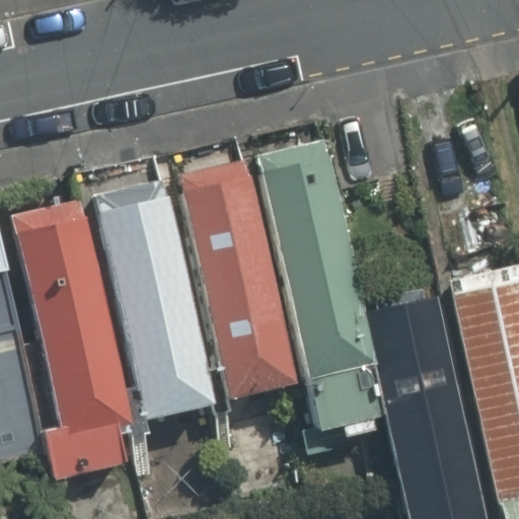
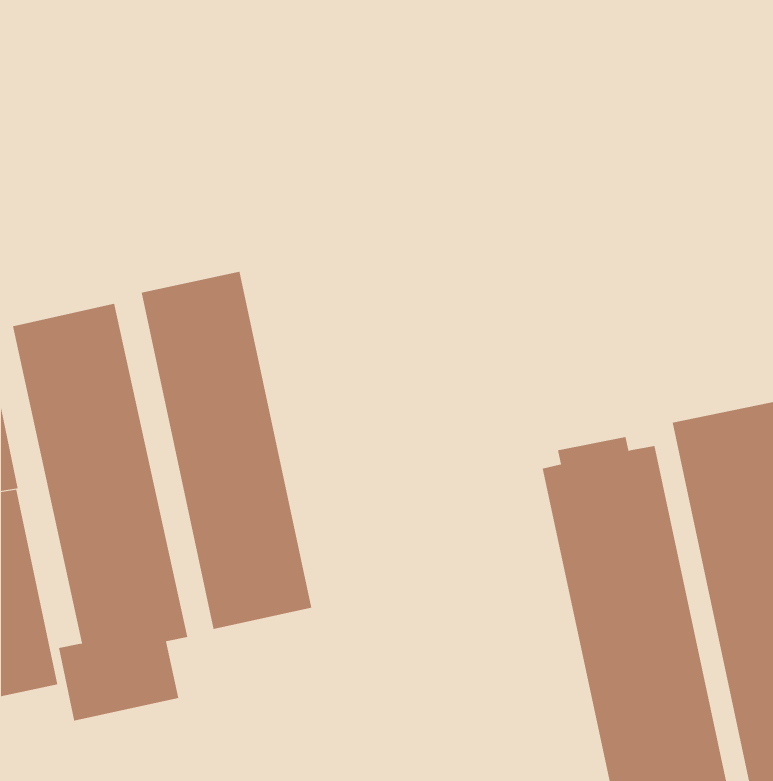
building: [261,142,385,436] -> none
building: [179,160,295,398] -> none

